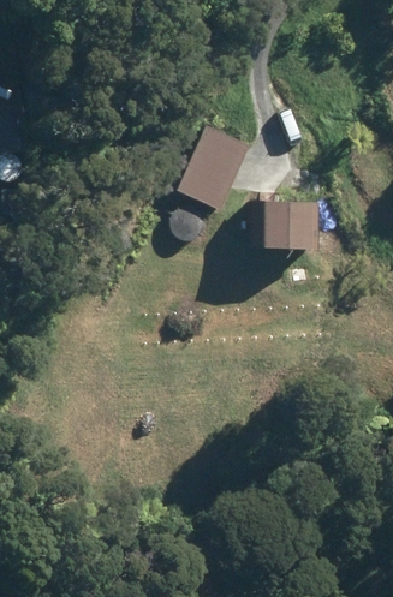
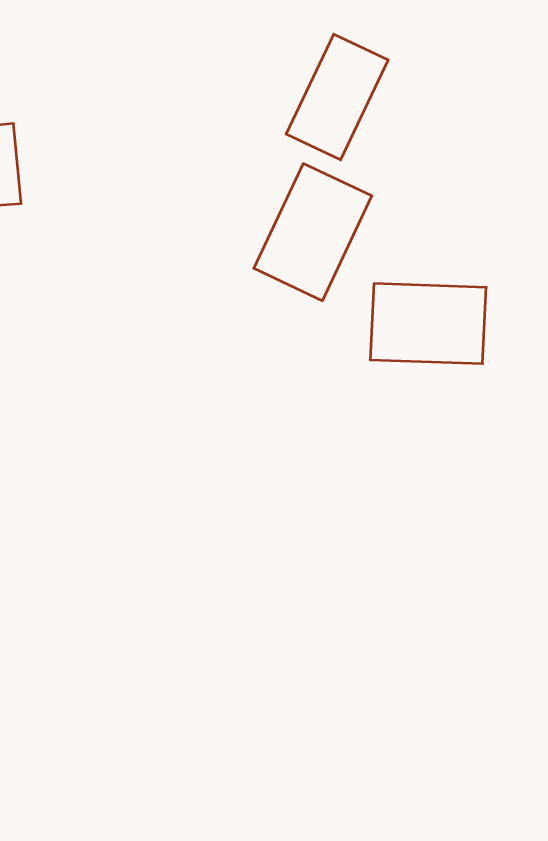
building: none -> [286,34,388,160]

